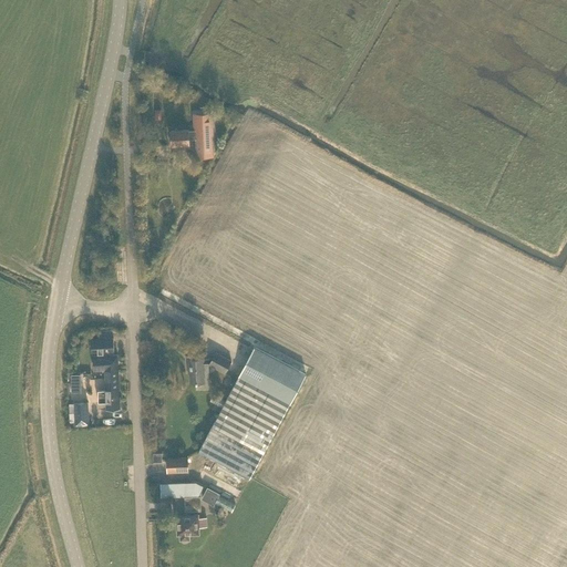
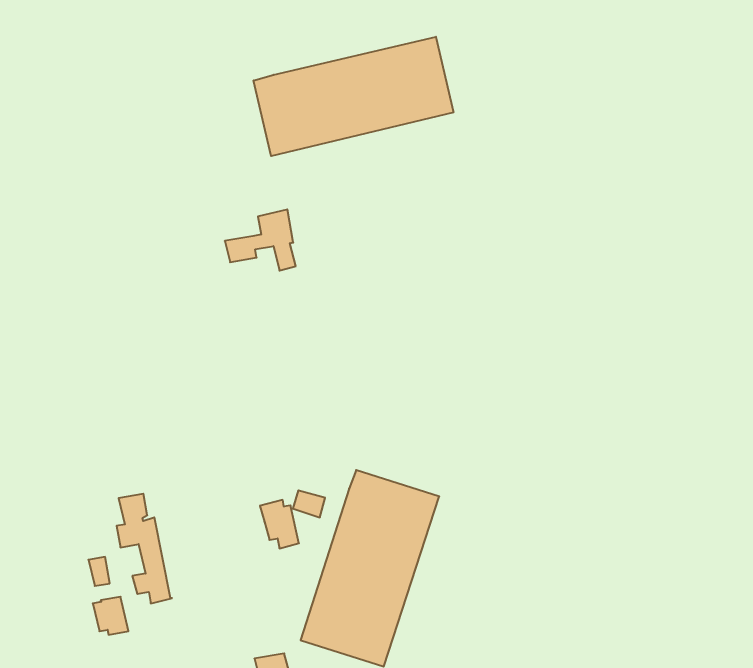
building: none -> [254,37,453,156]
building: [169,117,214,156] -> [225,209,296,271]

